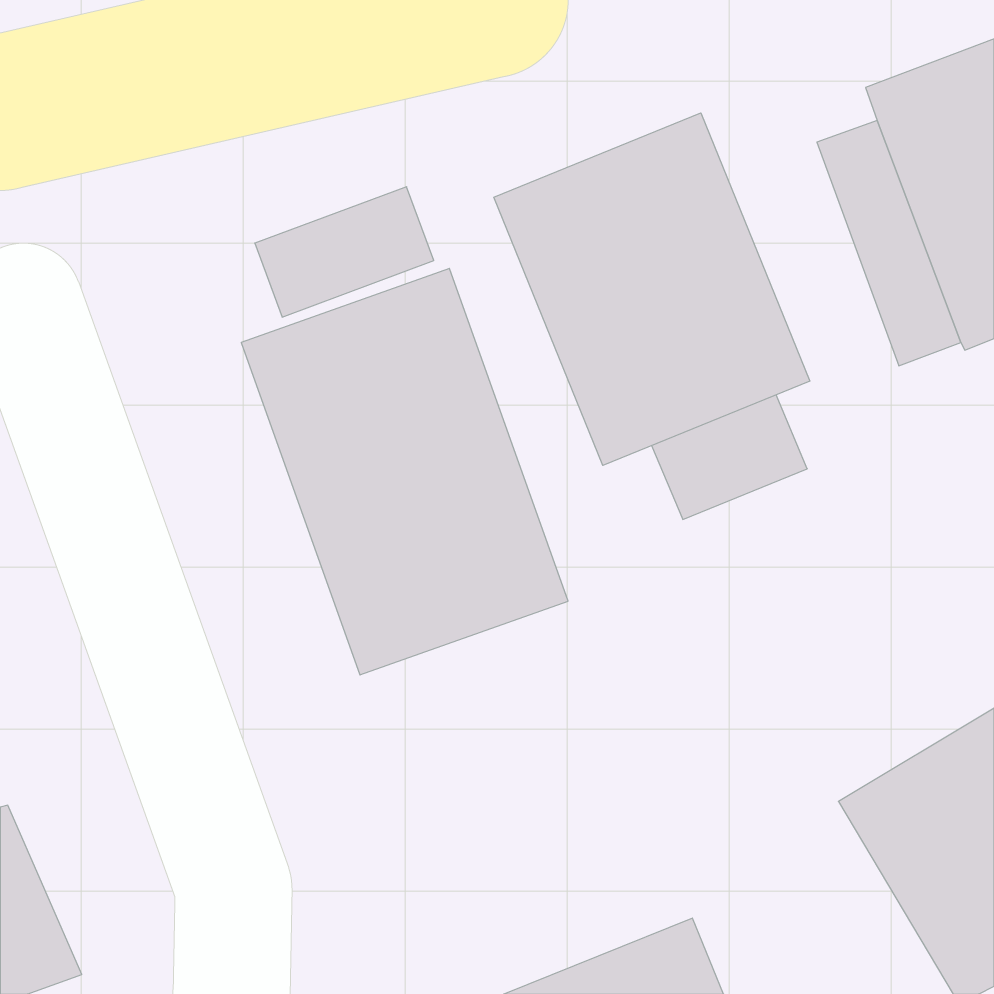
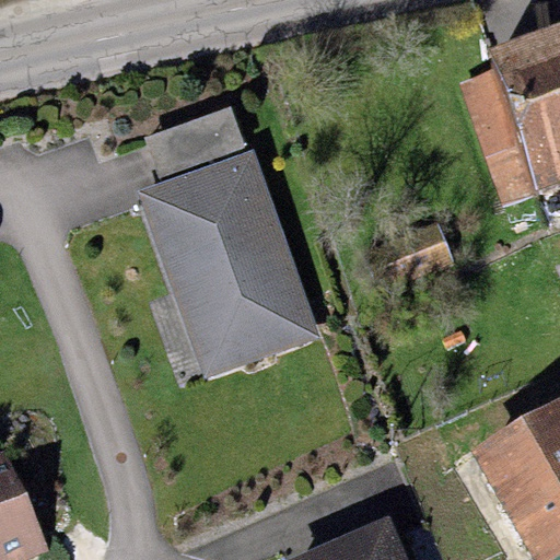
building: [494,113,810,465] -> none

